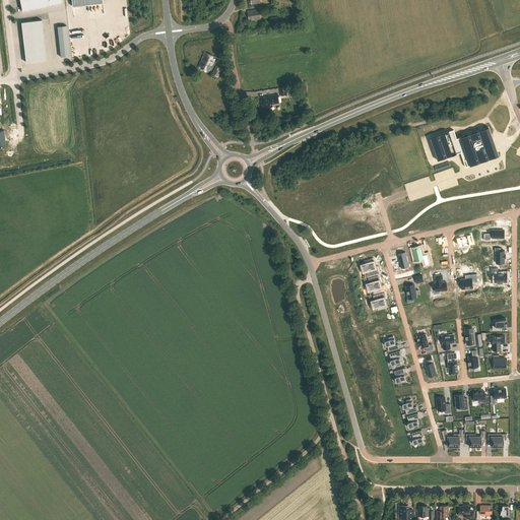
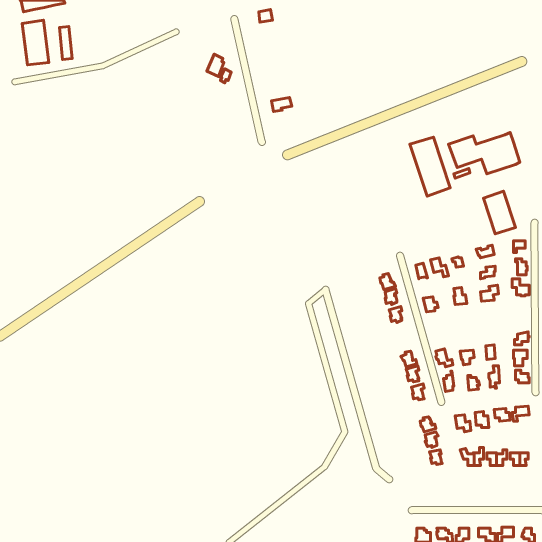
building: none -> [410,137,450,196]
building: none -> [484,191,516,234]

